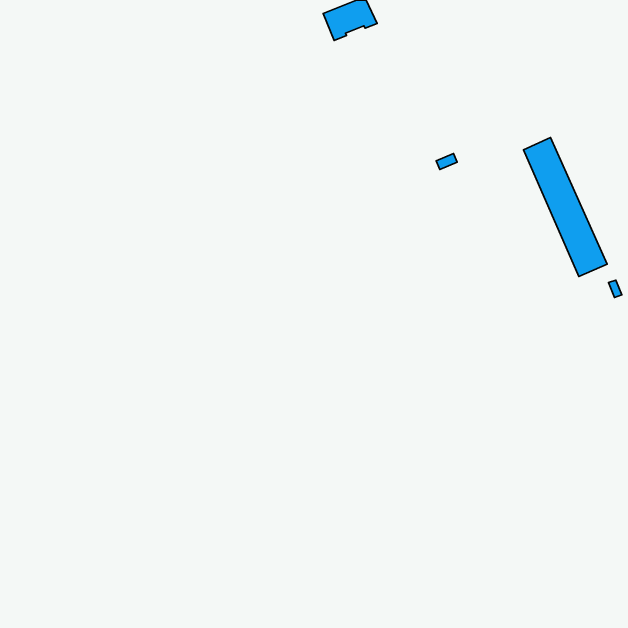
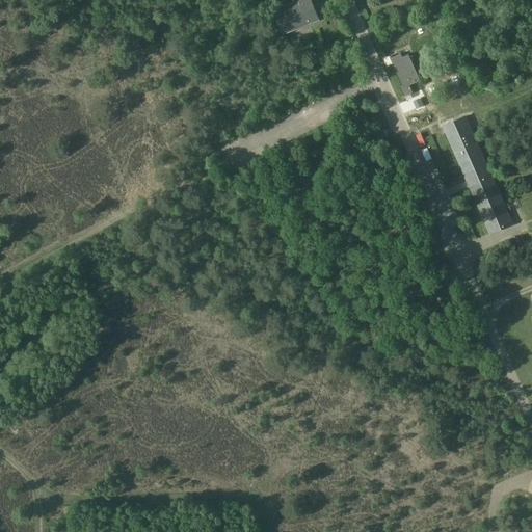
building: none -> [388,55,420,97]

